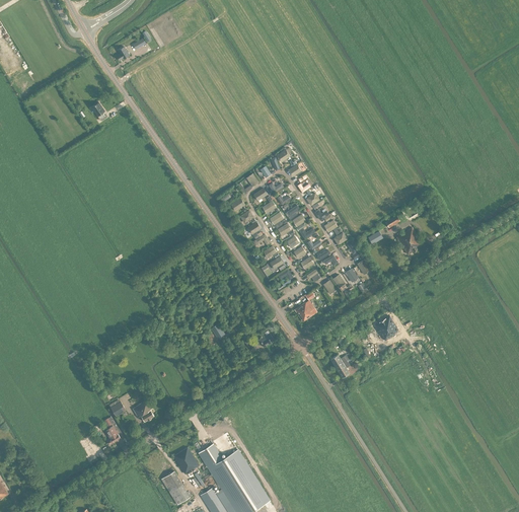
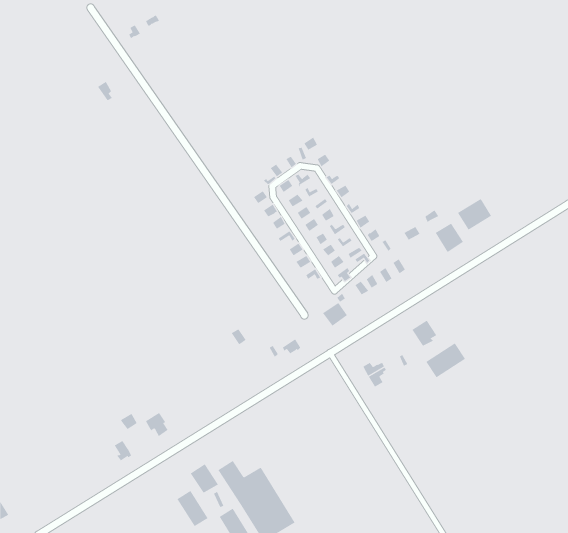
building: none -> [457,198,492,230]
building: none -> [425,343,466,378]

